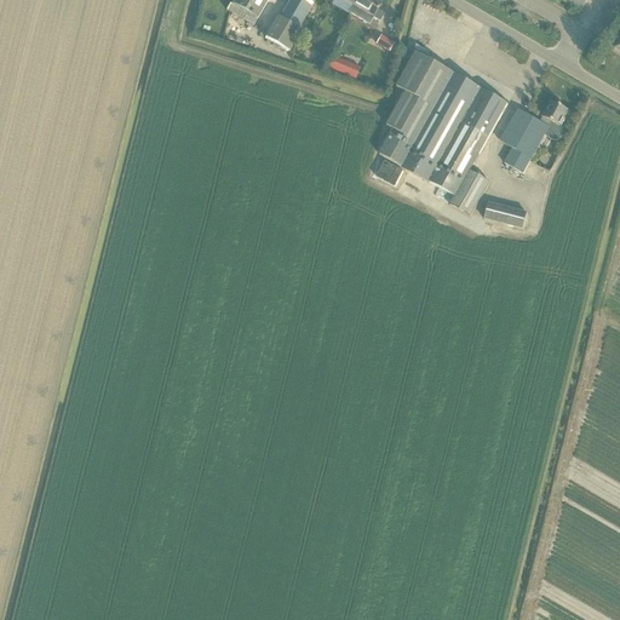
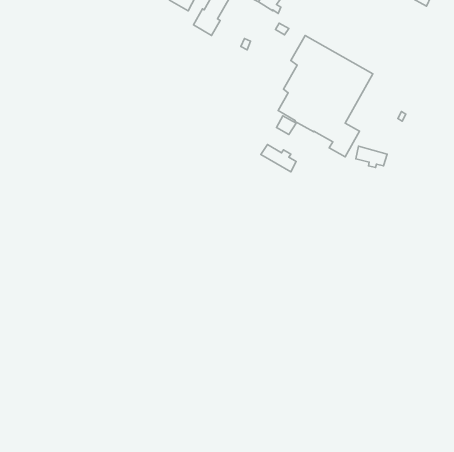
building: [498,97,567,170] -> none
building: none -> [261,145,296,172]

